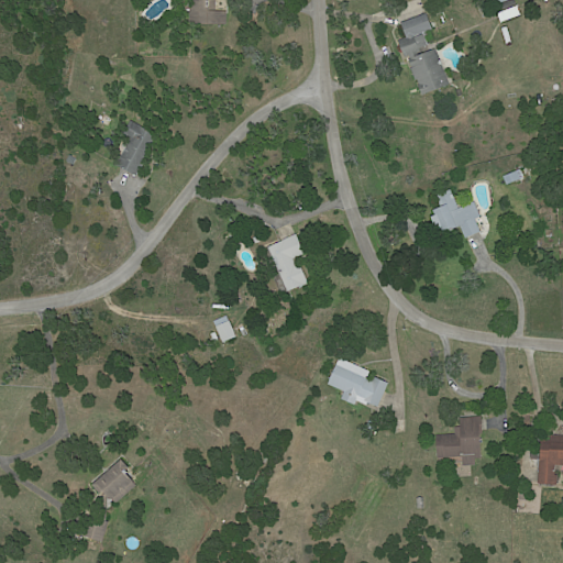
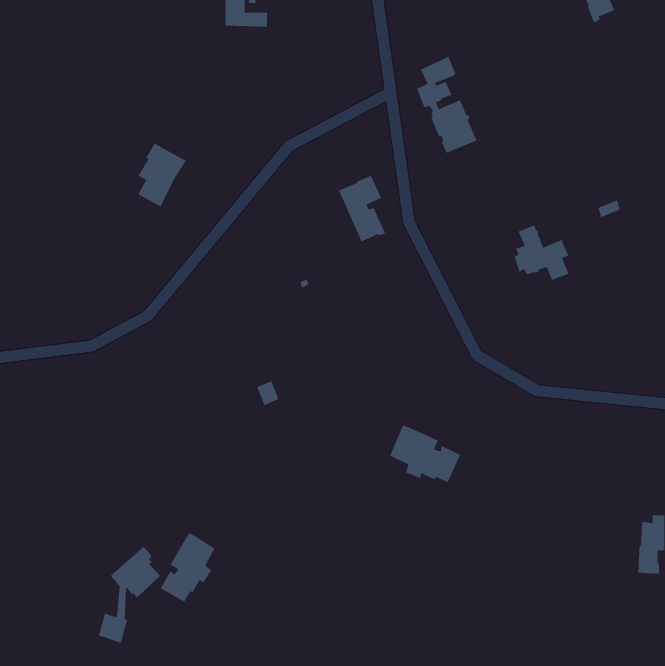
building: [397,12,449,95] -> [416,56,477,154]
building: [267,233,308,290] -> [338,175,386,243]
building: [435,416,482,465] -> none
building: none -> [160,532,216,603]

